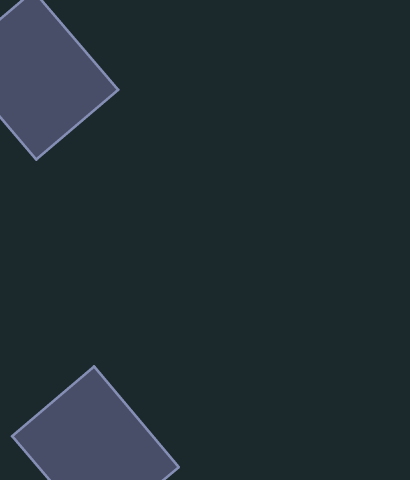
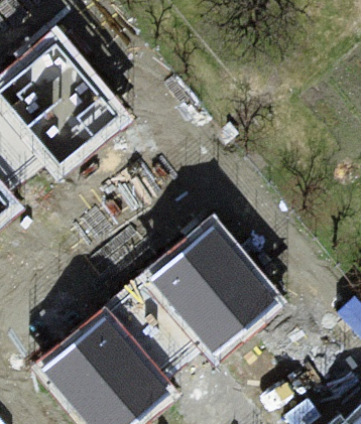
building: none -> [150,226,275,351]

